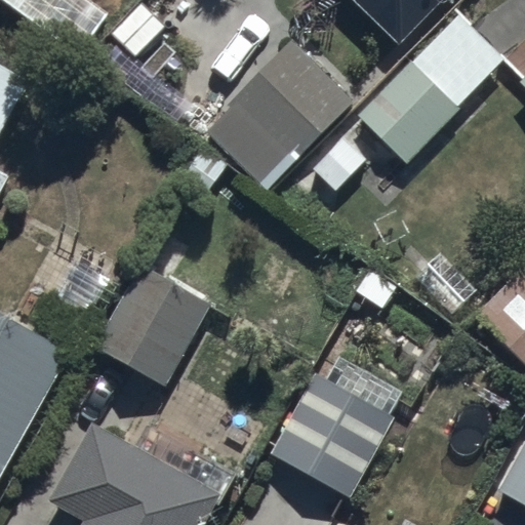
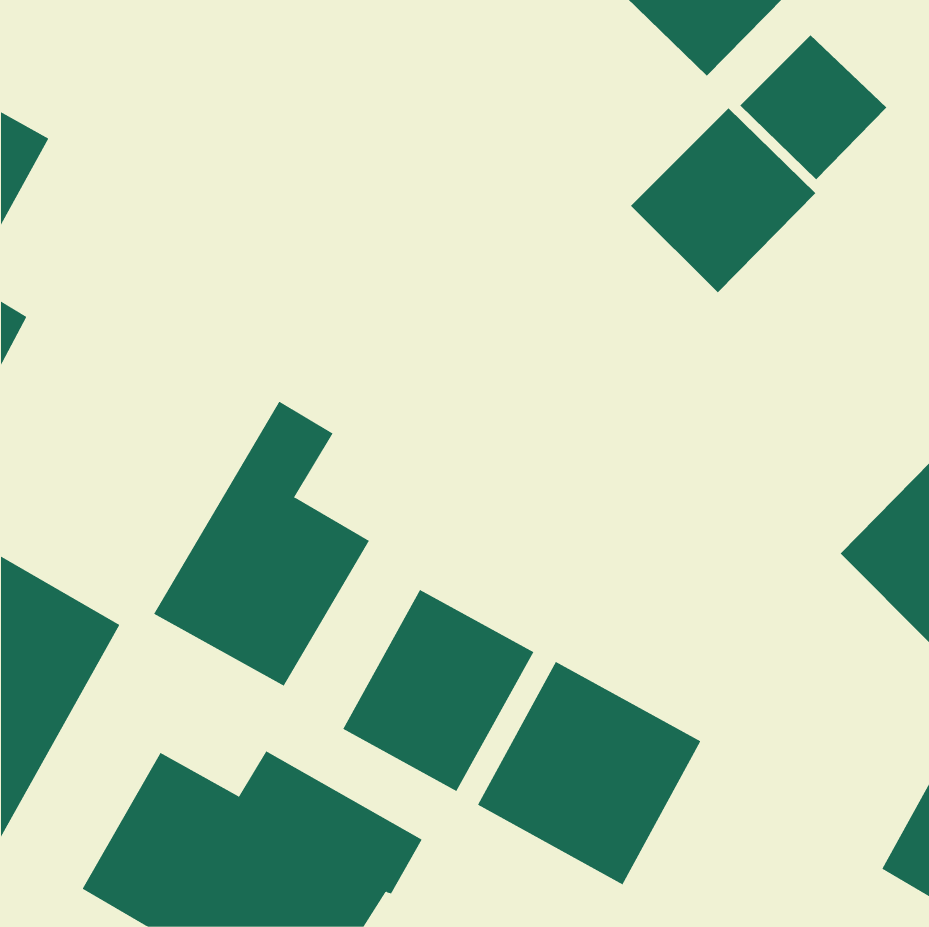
building: [205,39,354,189] -> none
building: none -> [342,589,534,792]

